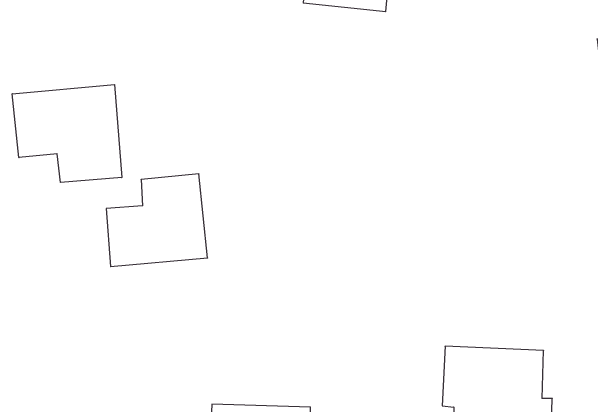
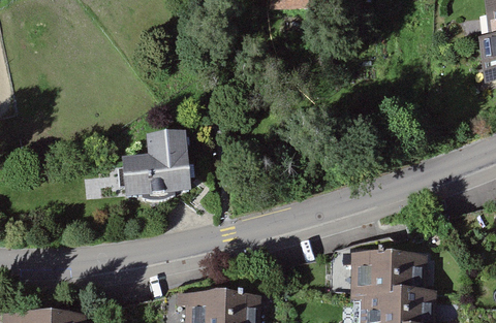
building: [12,85,122,182] -> none

